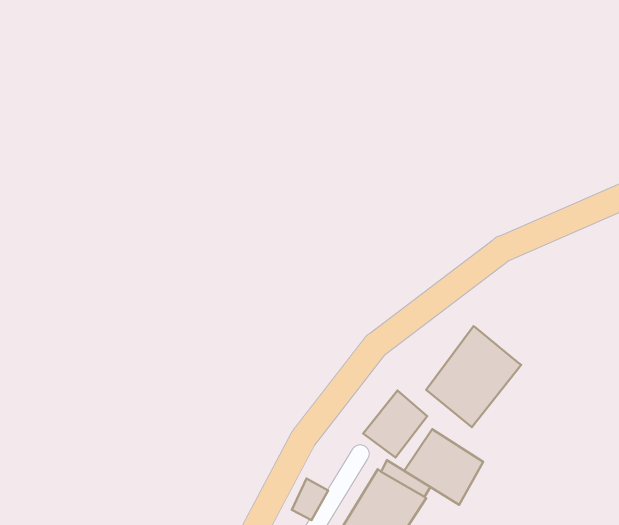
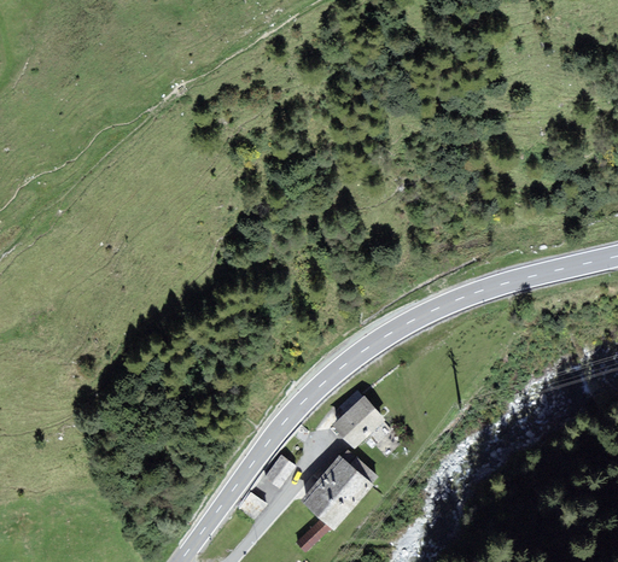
building: [426,326,521,427] -> none
building: [404,429,483,505] -> none

